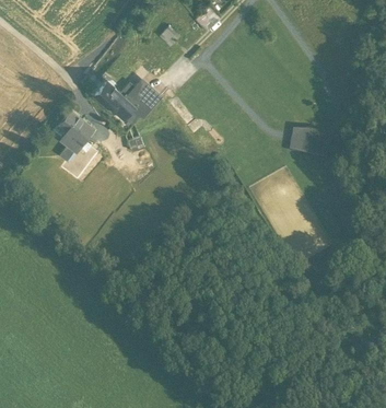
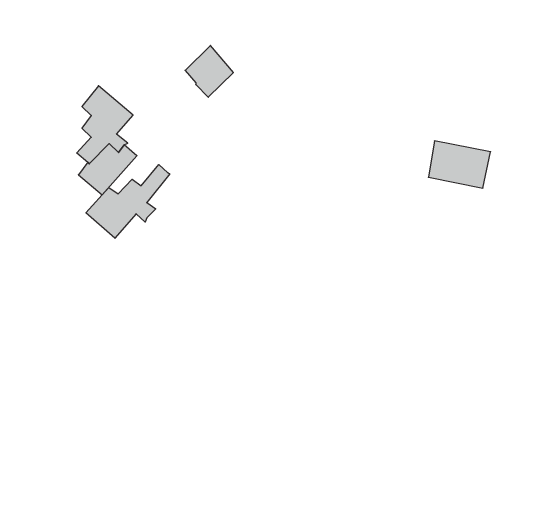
building: [94,79,132,110] -> none
building: none -> [86,165,170,238]

